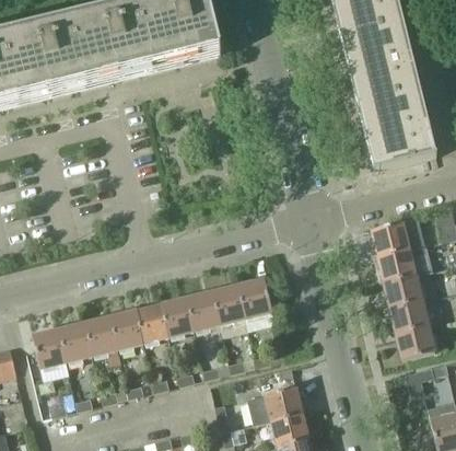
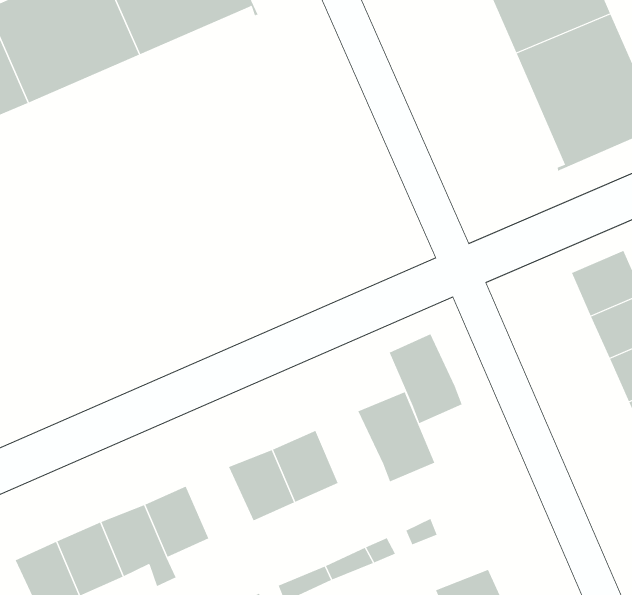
building: [213,286,249,335] -> [389,334,462,424]
building: [136,304,169,343] -> none

